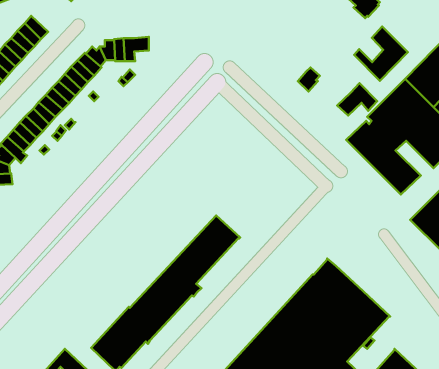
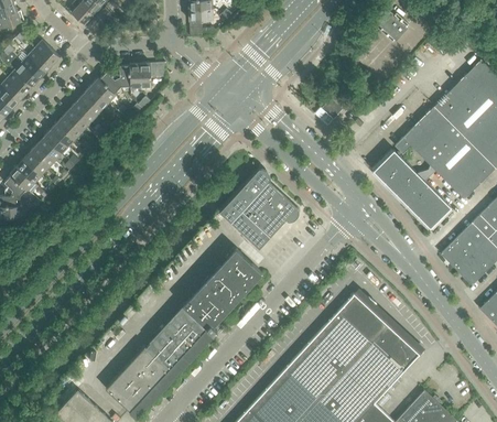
building: [354,26,408,81] -> none
building: [337,83,377,115] -> none
building: none -> [218,170,298,249]

